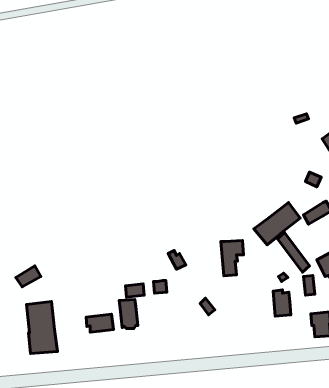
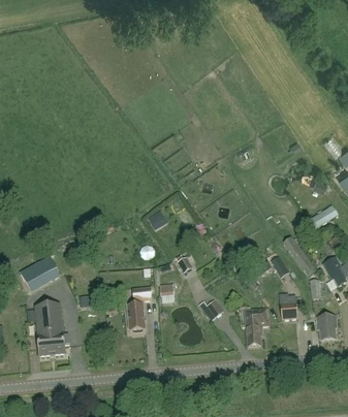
building: [254,203,300,245] -> none
building: [221,240,244,276] -> [246,310,268,345]
building: [86,314,114,332] -> none

